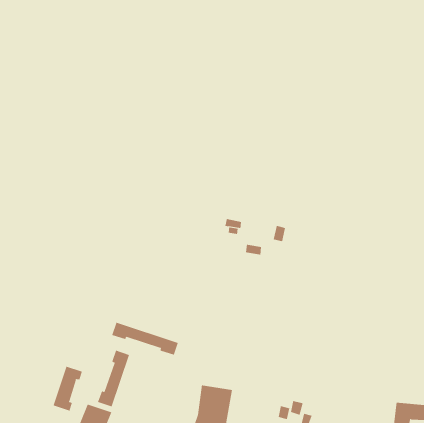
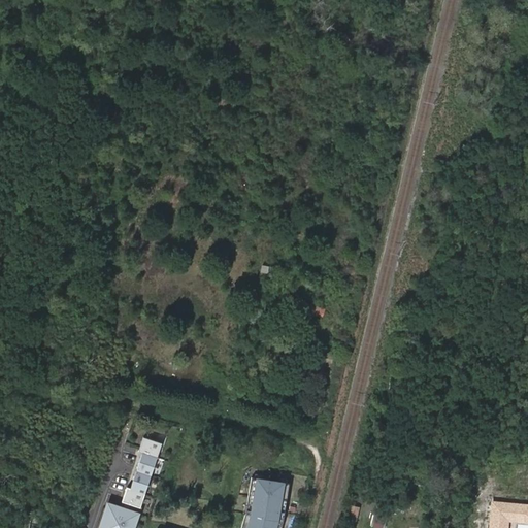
building: [112,322,178,356] -> none
building: [53,366,82,412] -> none

